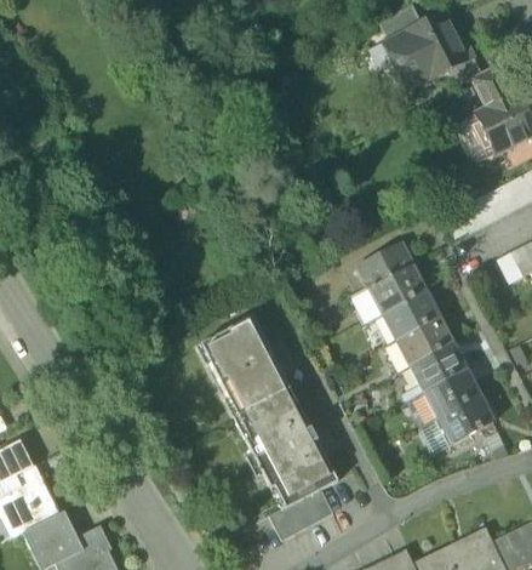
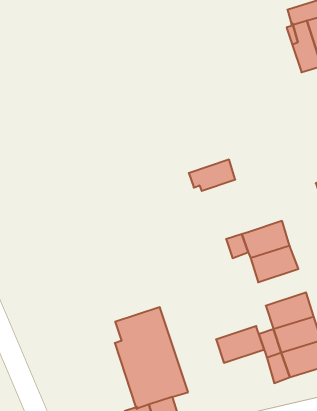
building: [357,244,412,285] -> [189,160,235,191]
building: [202,317,288,414] -> none
building: [396,318,453,366] -> [216,326,264,363]

